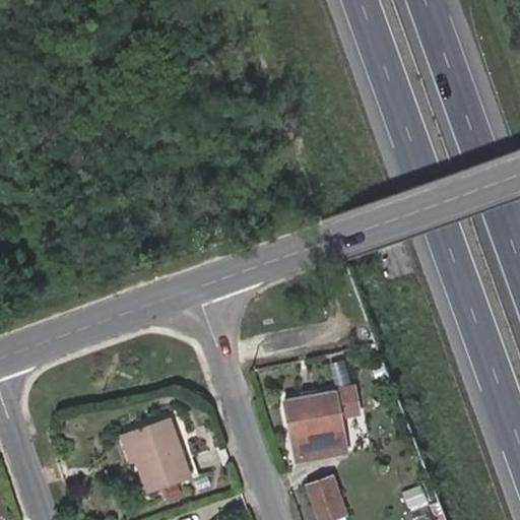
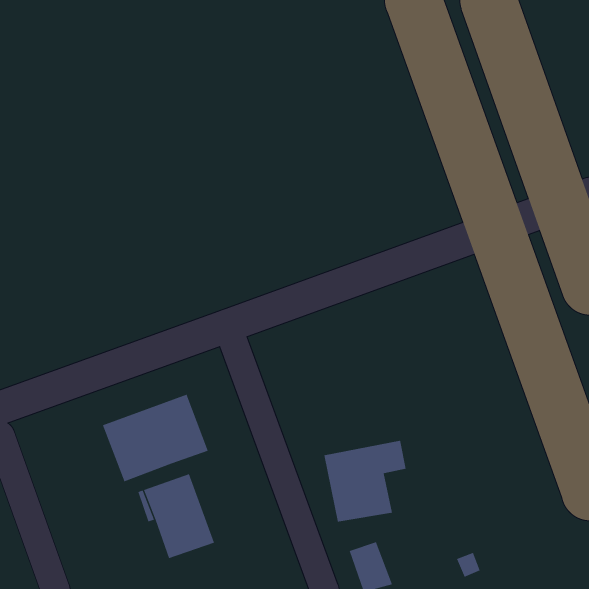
building: none -> [102,394,209,482]

